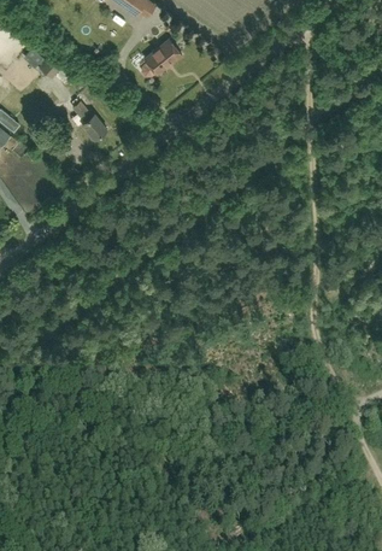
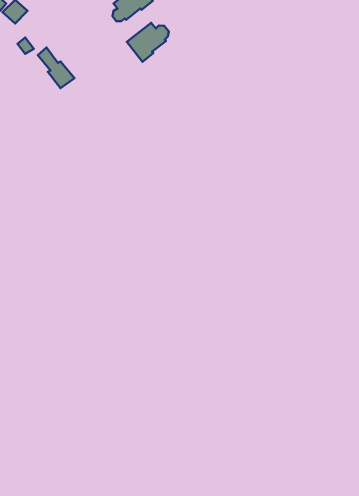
building: none -> [127,23,169,62]

